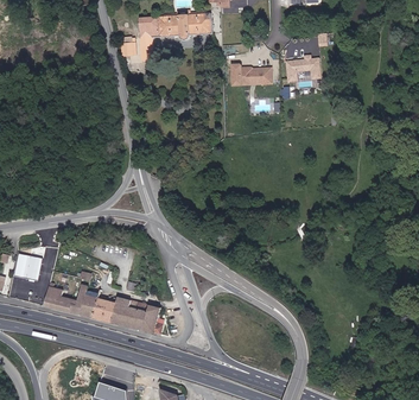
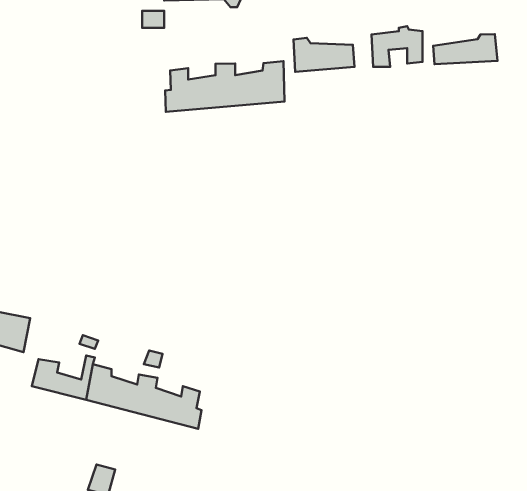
building: none -> [433,34,497,64]
building: none -> [165,61,284,112]

